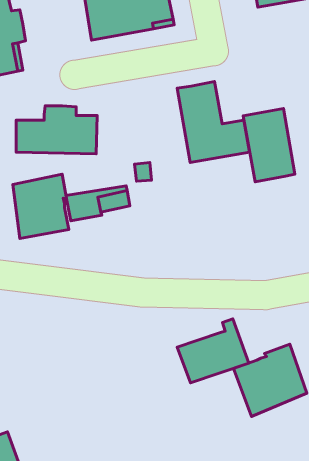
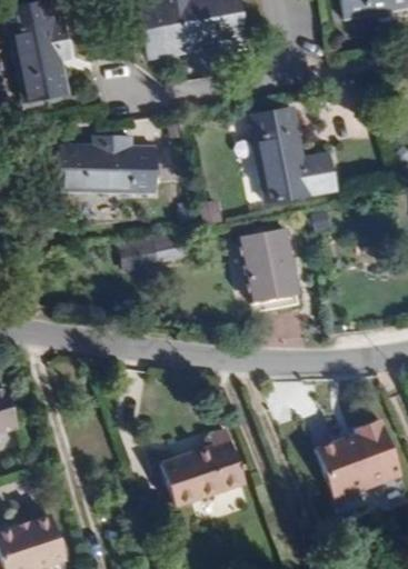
building: [243,108,295,182] -> [239,227,300,313]
building: [13,174,69,238] -> none
building: [177,319,249,383] -> [161,429,246,505]

